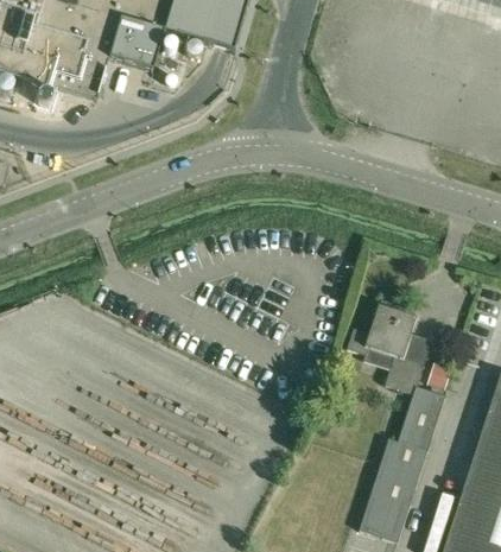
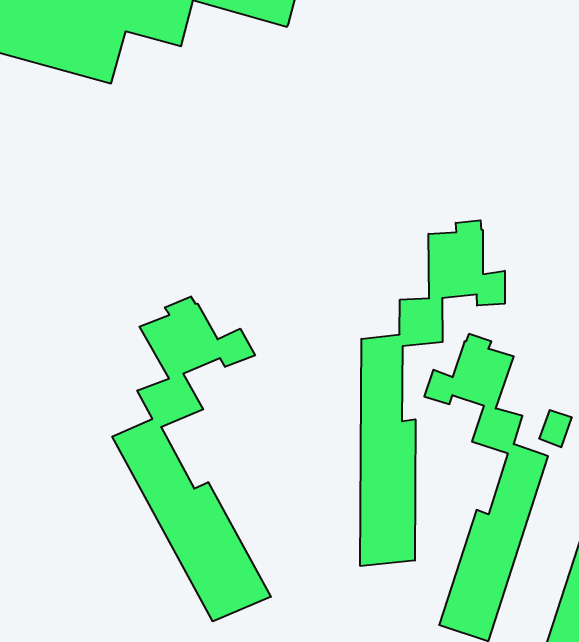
building: none -> [360,220,505,566]
building: none -> [112,296,271,621]

